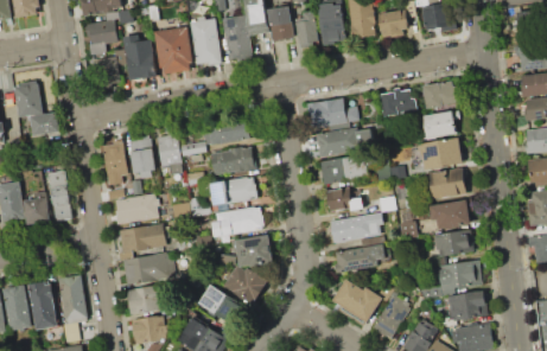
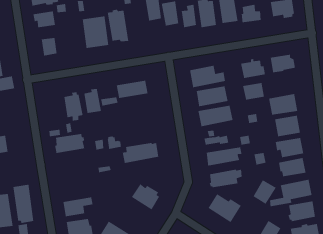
building: [222,15,253,65] -> none
building: [123,36,157,81] -> none
building: [424,111,456,138] -> [242,82,265,100]
building: [102,140,127,185] -> none
building: [210,148,255,176] -> none
building: [49,171,72,222] -> none
building: [210,176,257,206] -> none
building: [119,224,166,254] -> none
building: [231,235,274,268] -> none
building: [121,253,173,286] -> none
building: [198,285,238,321] -> none
building: [377,294,412,331] -> [253,179,277,205]

